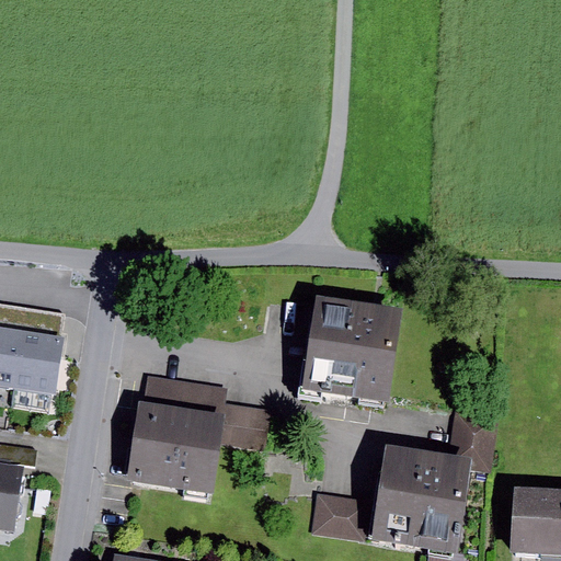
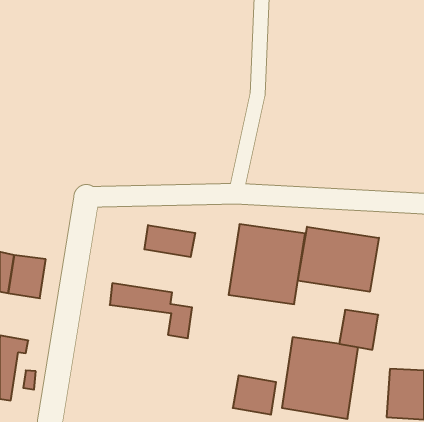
building: none -> [144,225,195,257]
building: none -> [298,227,379,292]
building: [127,401,226,492] -> none

